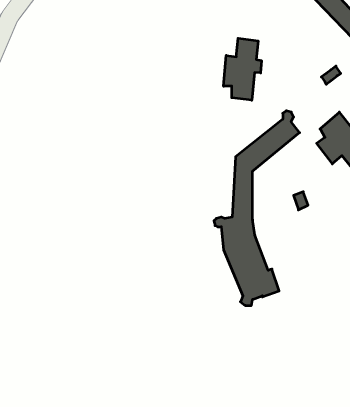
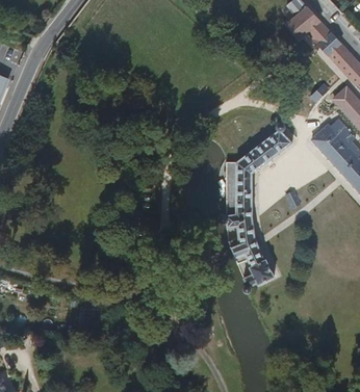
building: [224,38,261,100] -> none

